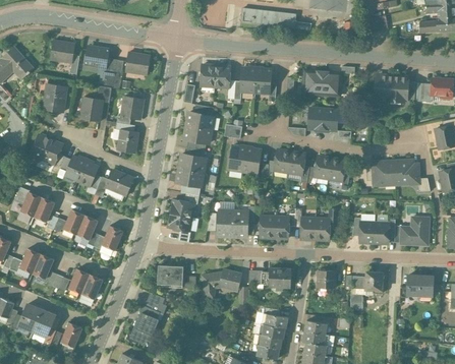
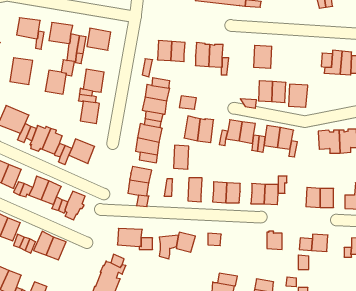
building: [322,71,342,96] -> [289,84,308,107]
building: [218,210,234,236] -> [174,145,189,169]
building: [268,267,290,287] -> none

